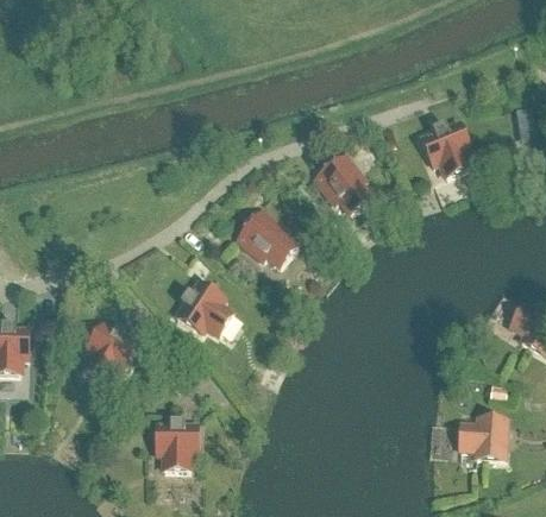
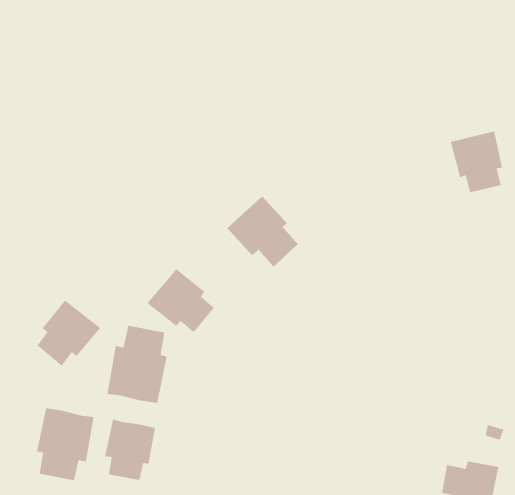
building: [312,153,375,217] -> none
building: none -> [106,325,167,404]
building: none -> [36,408,95,481]

